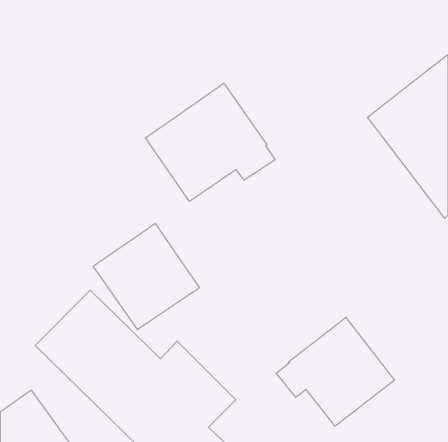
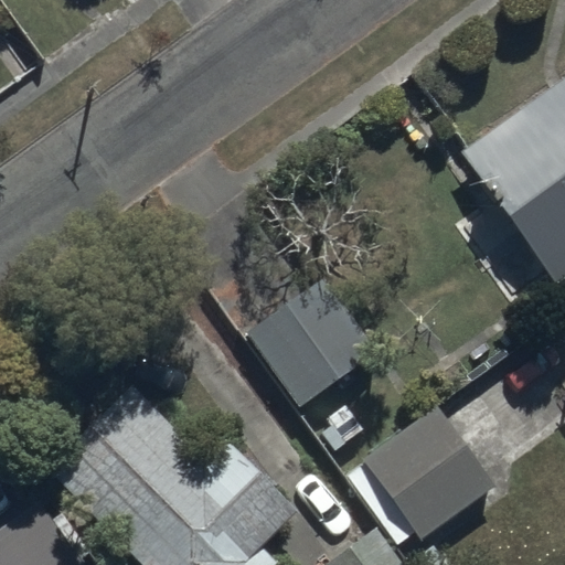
building: [145,83,275,202] -> none
building: [93,224,199,330] -> [244,277,377,411]

